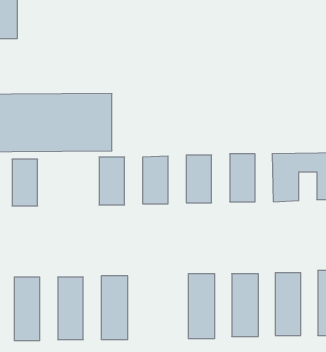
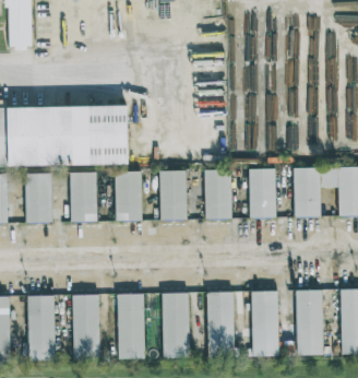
building: none -> [70,173,96,222]
building: none -> [163,294,189,358]

